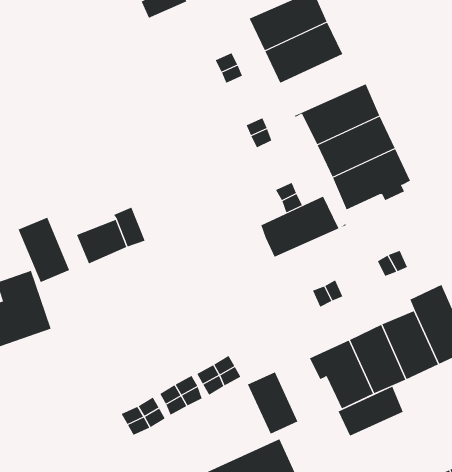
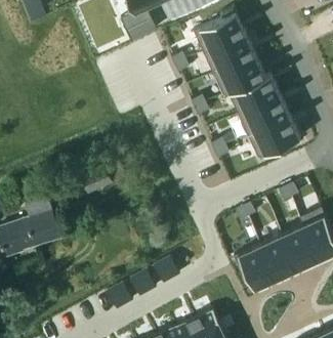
building: [260,196,347,258] -> [213,55,270,96]
building: [18,217,70,283] -> none
building: [247,372,298,434] -> none
building: [338,386,404,437] -> none

